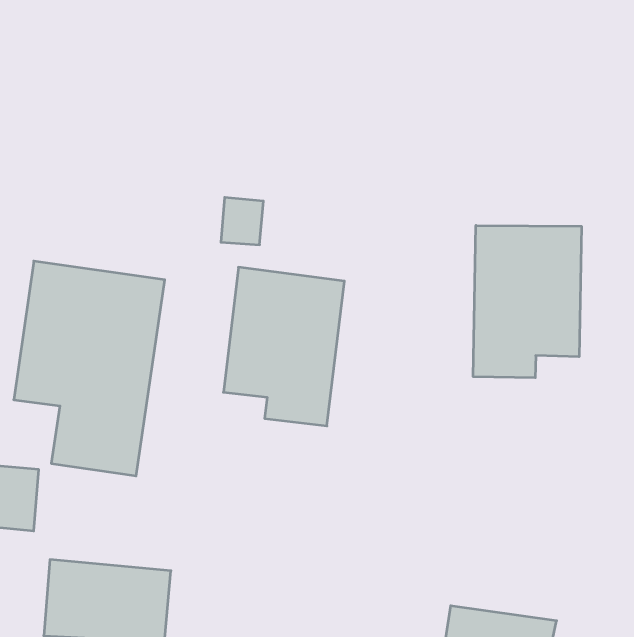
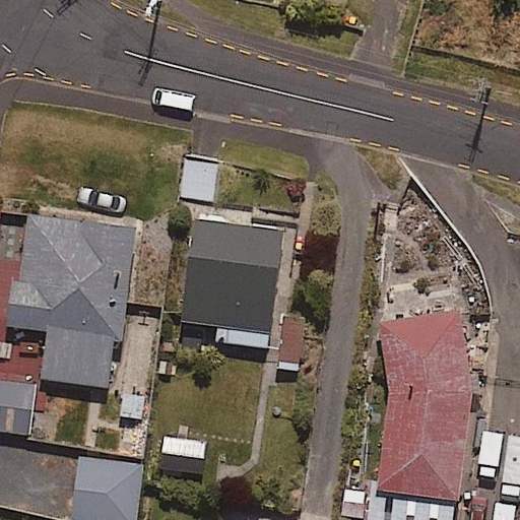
building: [473,225,581,378] -> none
building: none -> [382,317,465,495]

